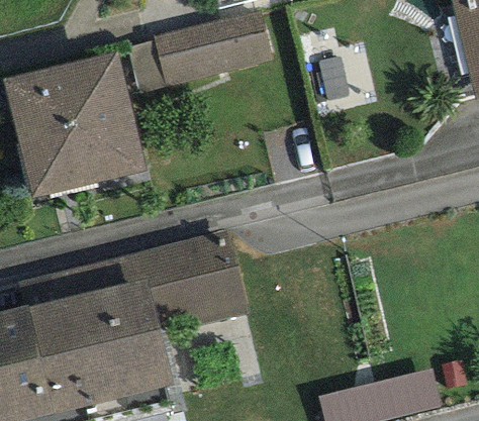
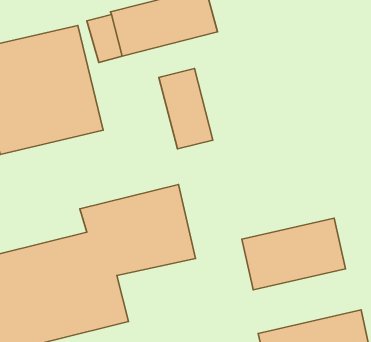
building: none -> [159,69,213,149]
building: none -> [242,218,345,290]

